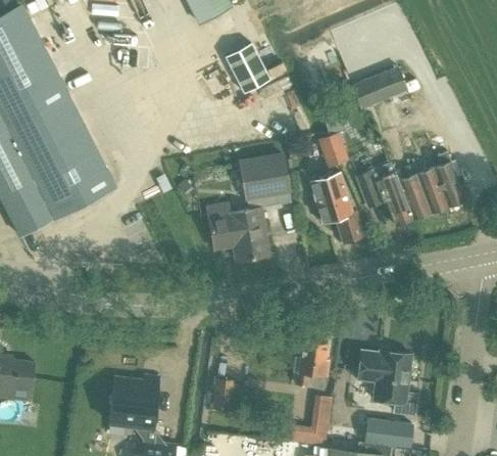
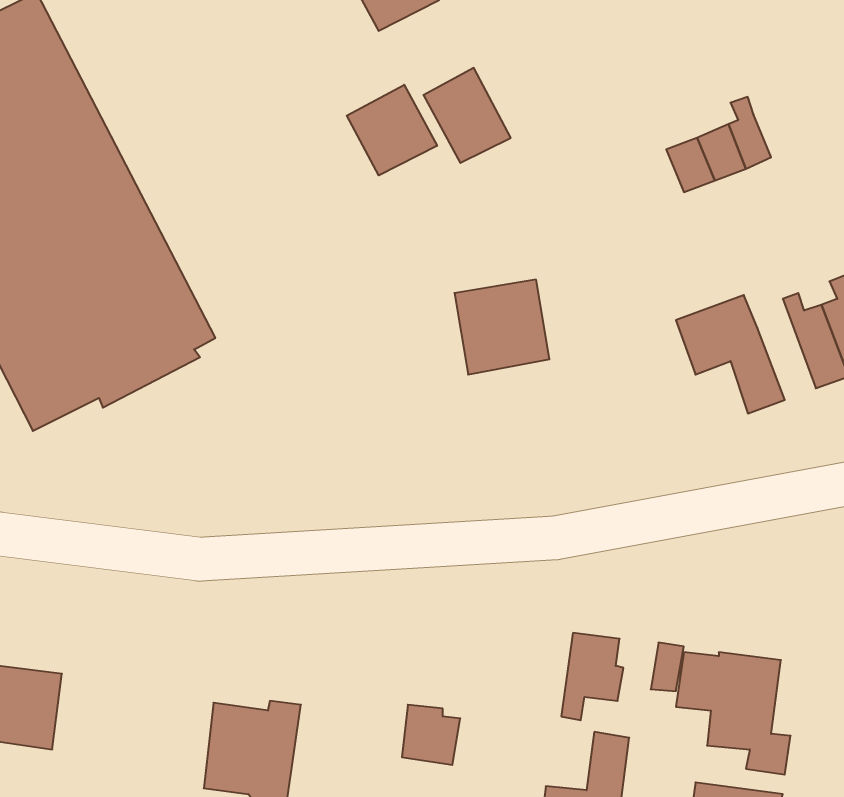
building: none -> [347,85,437,175]
building: [319,134,347,167] -> none
building: [400,165,431,218] -> none
building: [311,174,363,241] -> none
building: [208,208,269,261] -> none

